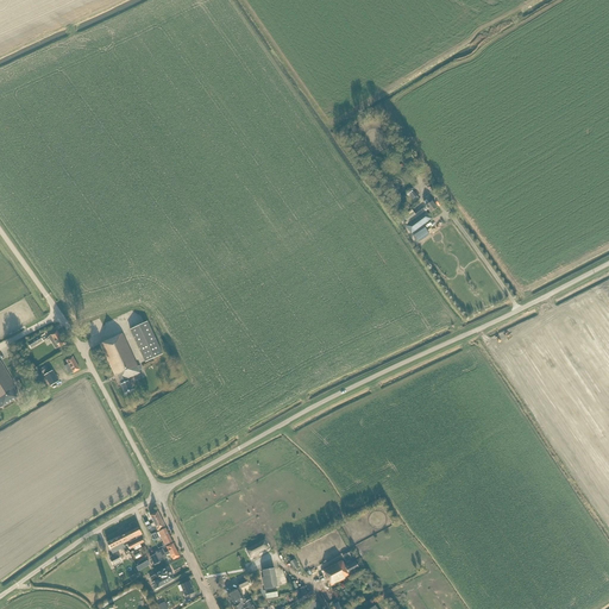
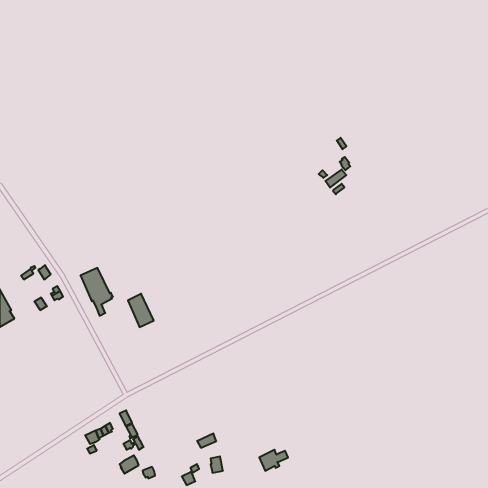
building: [130,320,162,362] -> [128,294,154,327]

